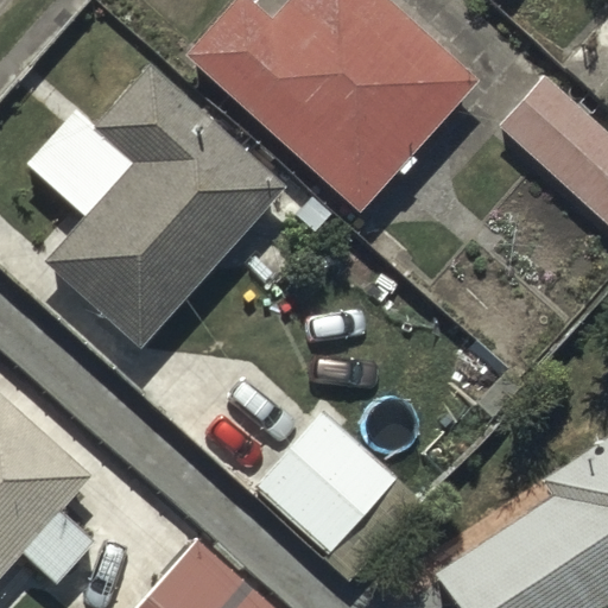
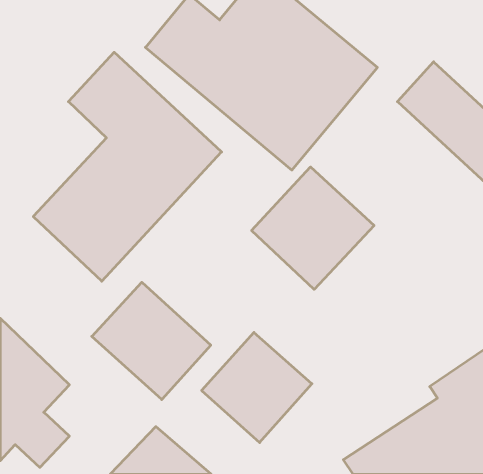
building: none -> [252,167,374,289]
building: none -> [92,282,211,400]

